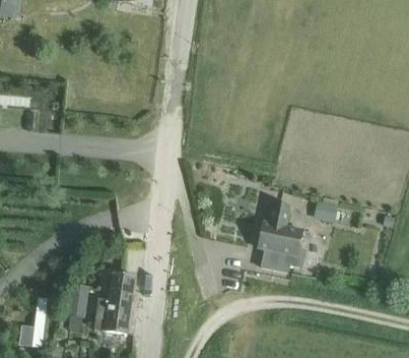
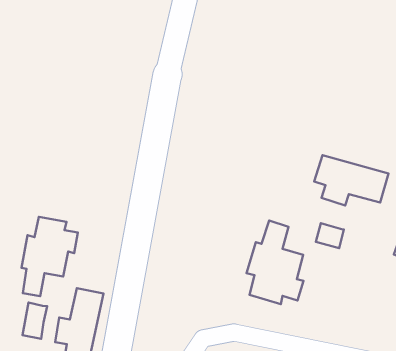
building: none -> [314,155,388,206]
building: none -> [22,217,78,296]

